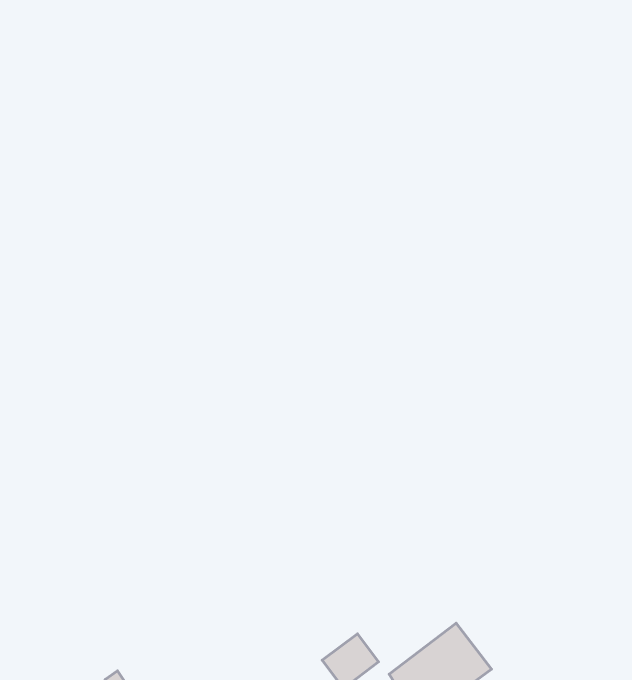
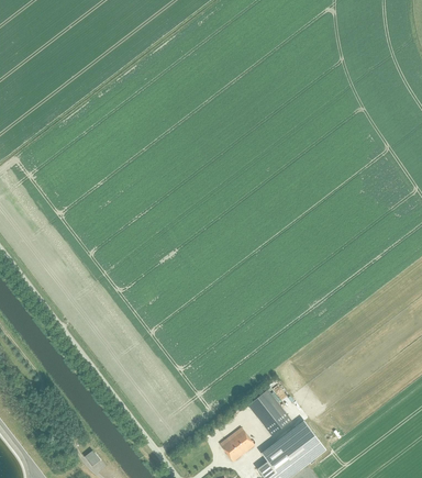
building: none -> [248,390,291,435]

